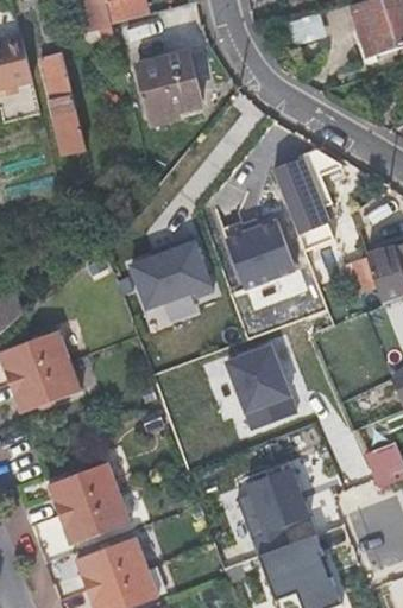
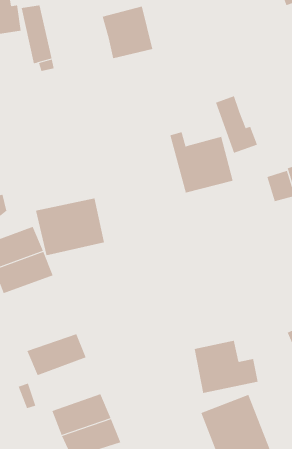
building: [132,242,218,314] -> [35,198,105,256]
building: [228,343,302,430] -> none
building: [58,489,132,542] -> none

